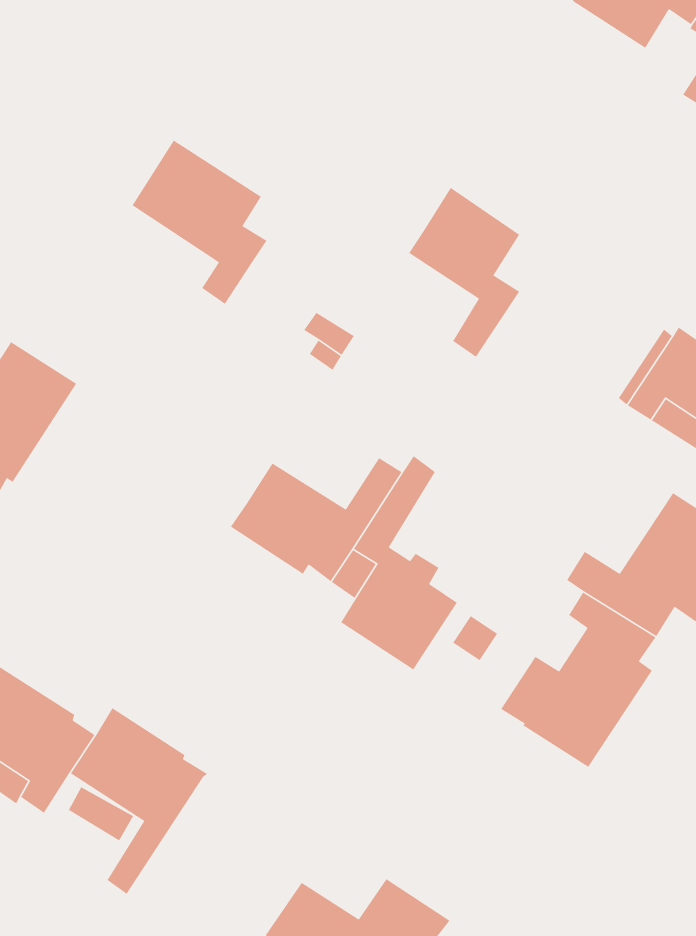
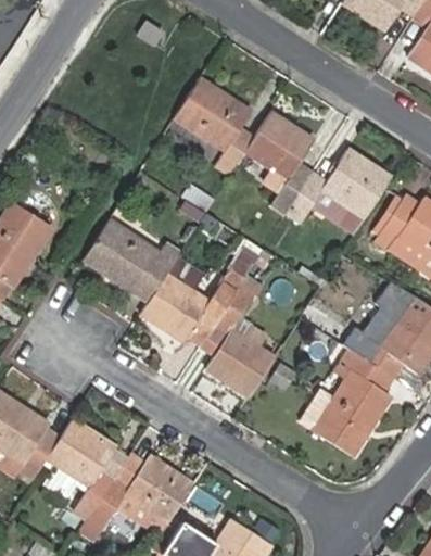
building: [131,139,267,305] -> [175,78,255,176]
building: none -> [287,149,393,235]
building: none -> [84,219,180,299]
building: none -> [80,457,194,541]

